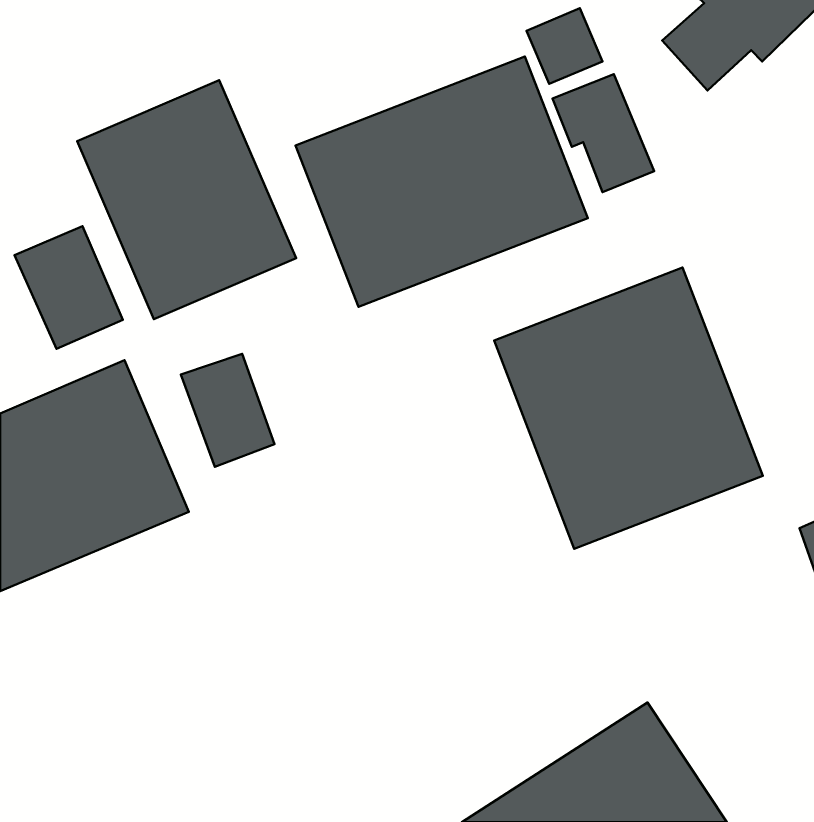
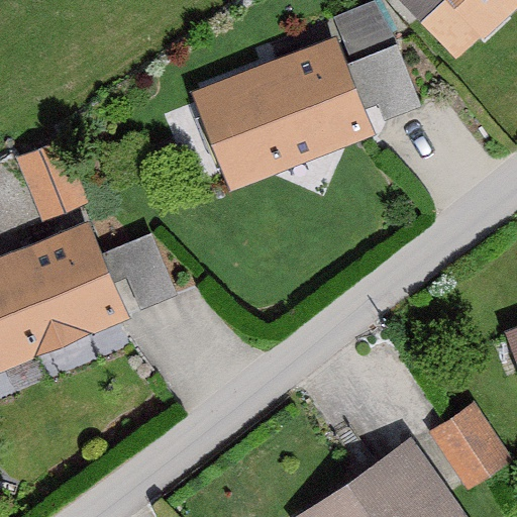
building: [77,80,296,319] -> none
building: [494,267,763,549] -> none
building: none -> [428,404,507,486]

